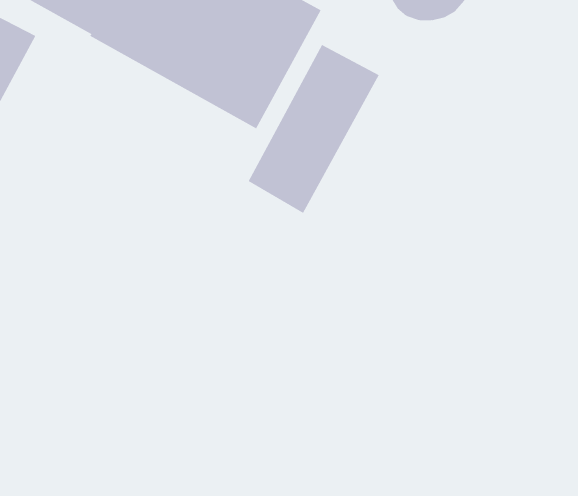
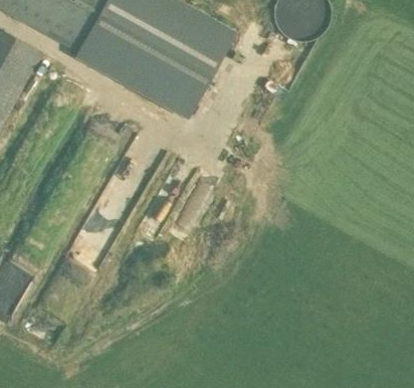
building: [248,44,380,214] -> none

